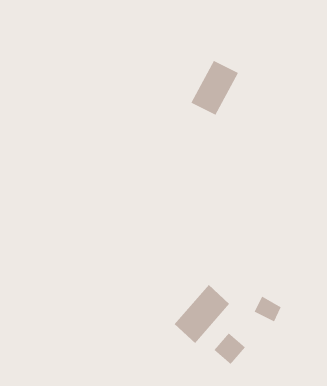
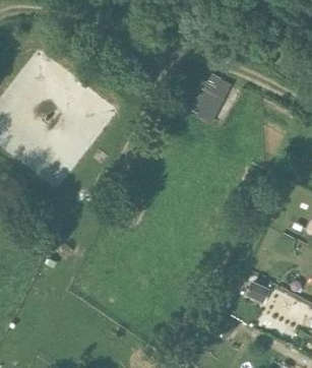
building: [174,284,230,344] -> none

